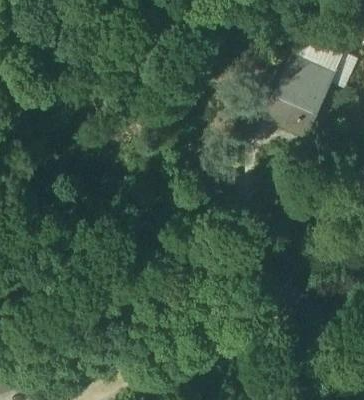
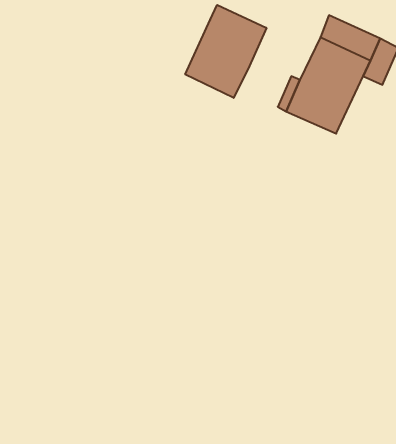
building: none -> [185,5,266,98]

